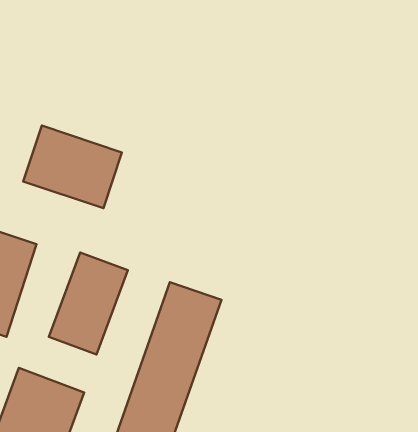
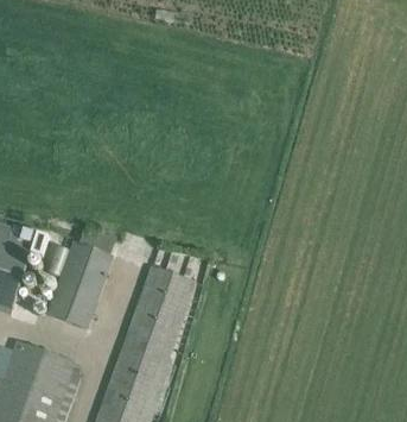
building: [23,126,122,208] -> none

